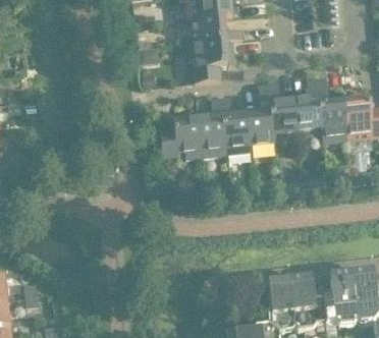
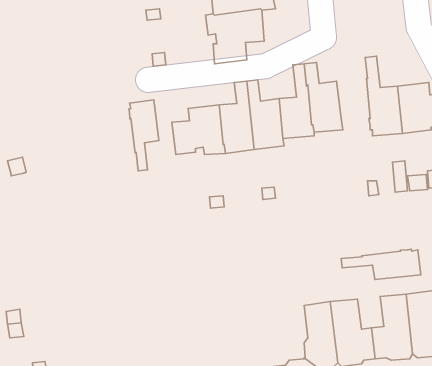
building: [292,77,320,136] -> none
building: none -> [129,100,159,171]
building: none -> [341,249,421,280]

